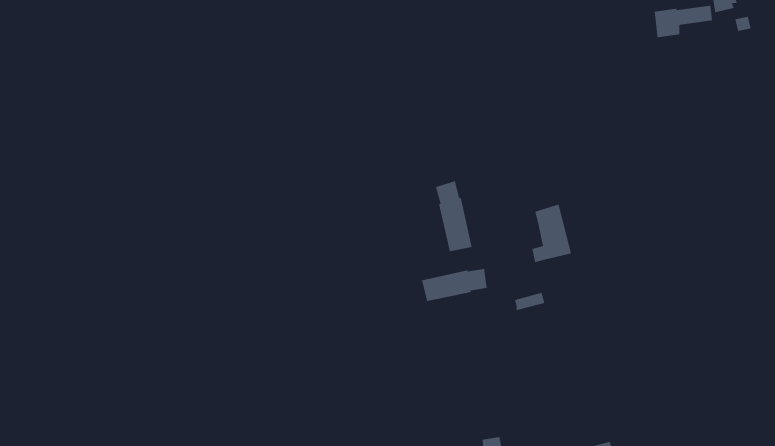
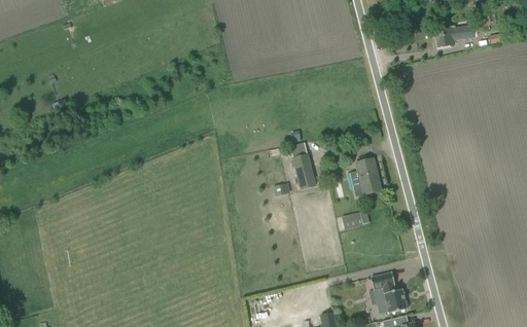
building: [422,268,487,302] -> none
building: none -> [371,271,407,313]

